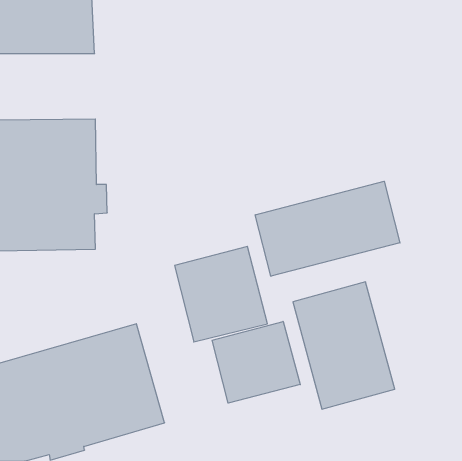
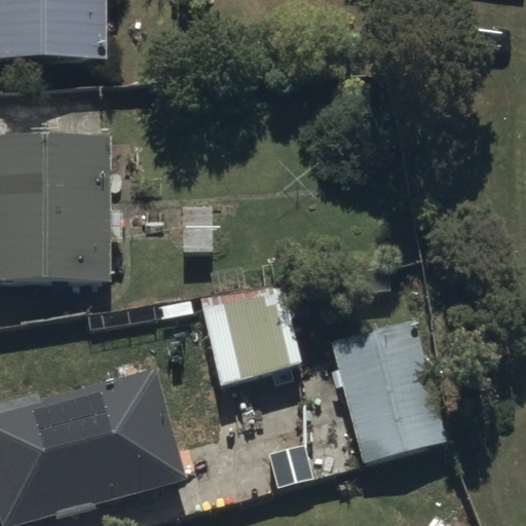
building: [255,181,400,276] -> none
building: [212,321,300,403] -> none

